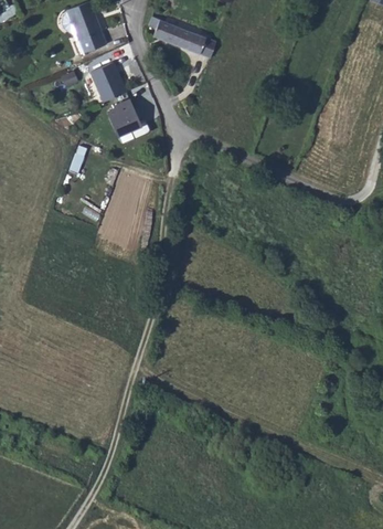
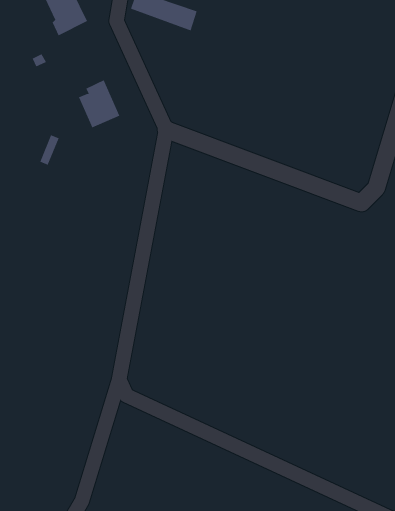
building: [92,62,128,102] -> none

